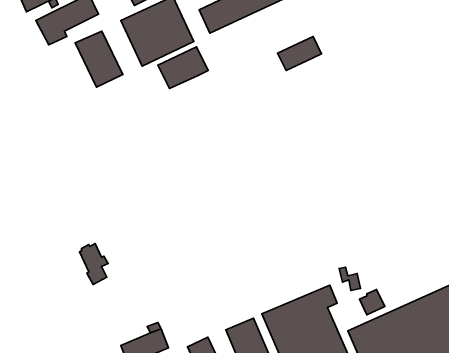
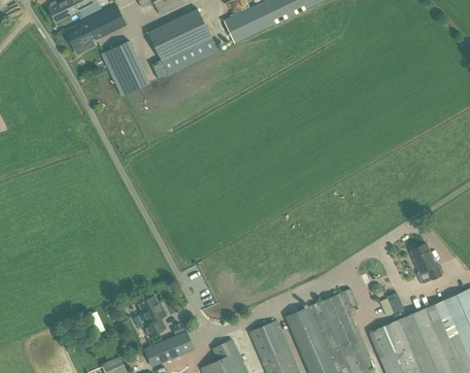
building: [277,37,322,70] -> none
building: [158,47,208,89] -> none
building: none -> [410,243,441,283]
building: [79,243,108,285] -> [138,295,166,335]

